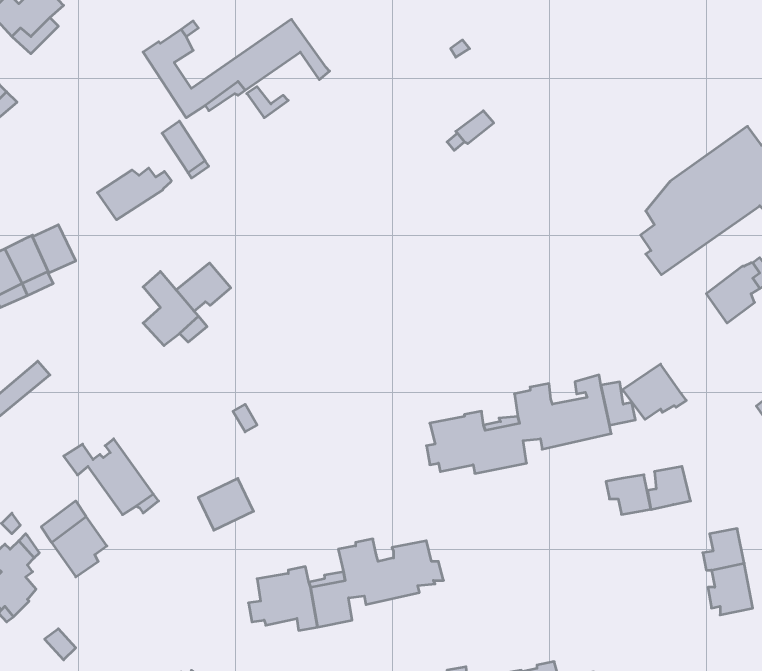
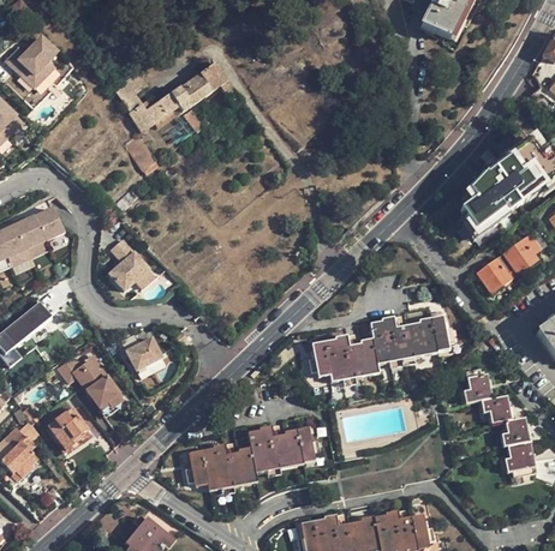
building: [97,168,171,220] -> none
building: [176,263,231,311] -> none
building: [623,364,686,419] -> [477,254,521,293]
building: [606,475,651,514] -> [481,396,512,424]
building: [198,478,254,530] -> [125,336,163,372]

